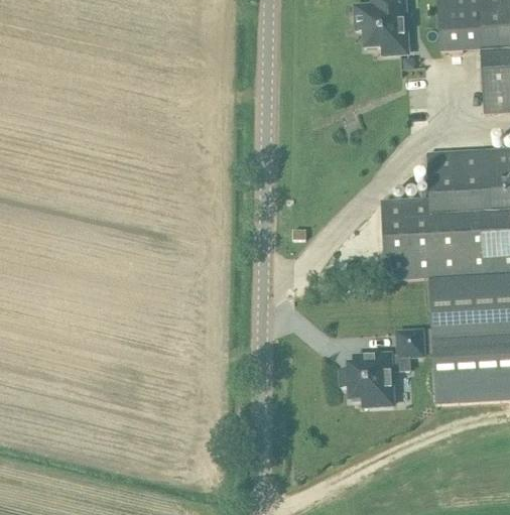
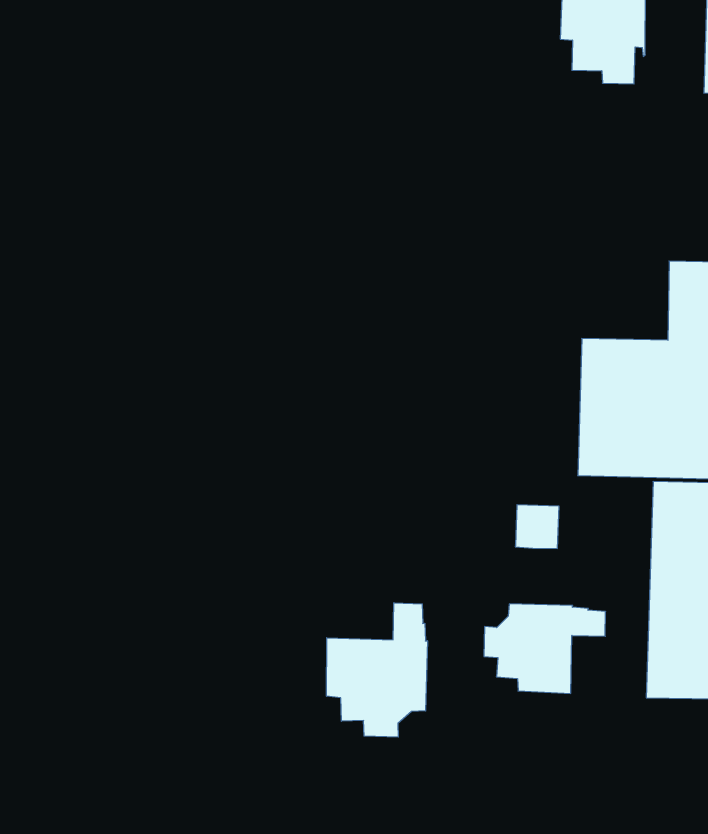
building: [399,330,424,355] -> [515,505,559,548]
building: none -> [327,603,427,737]

